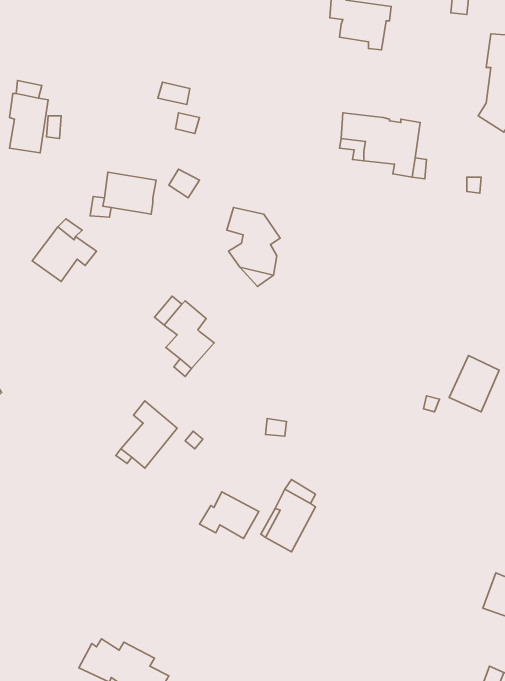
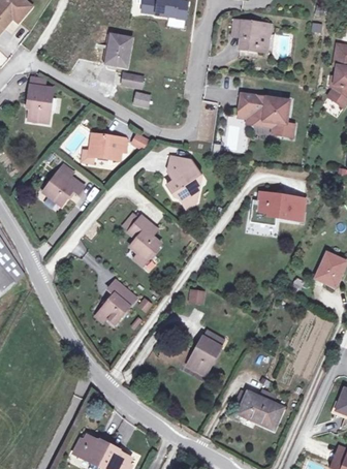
building: none -> [107,34,132,69]
building: none -> [254,190,306,221]
building: [200,492,259,538] -> none
building: none -> [230,395,276,433]

